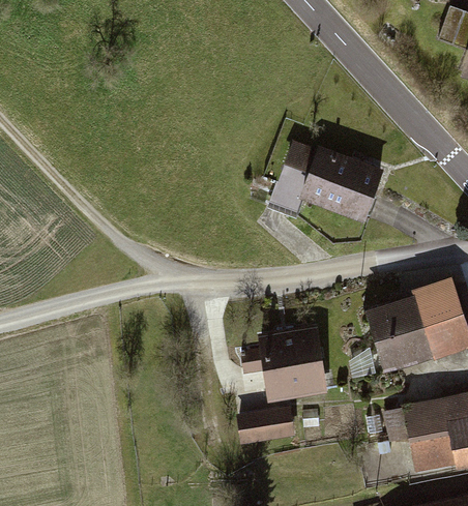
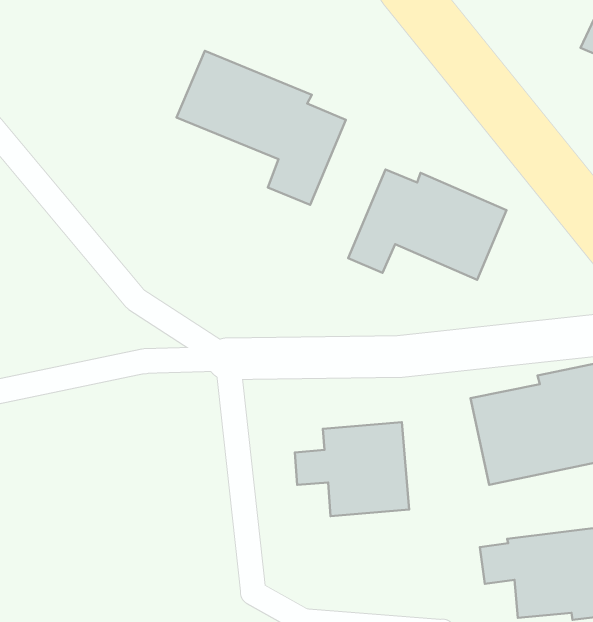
building: none -> [176,51,346,205]
building: [238,408,296,448] -> none

